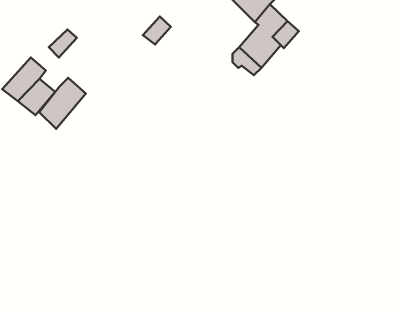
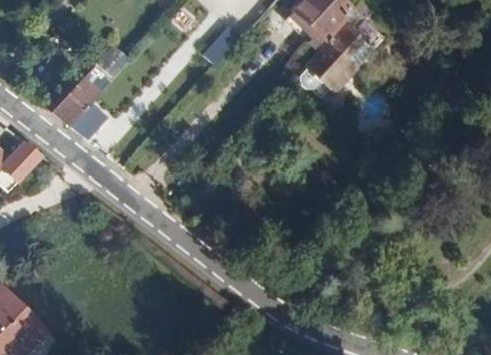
building: [39,78,86,129] -> none

